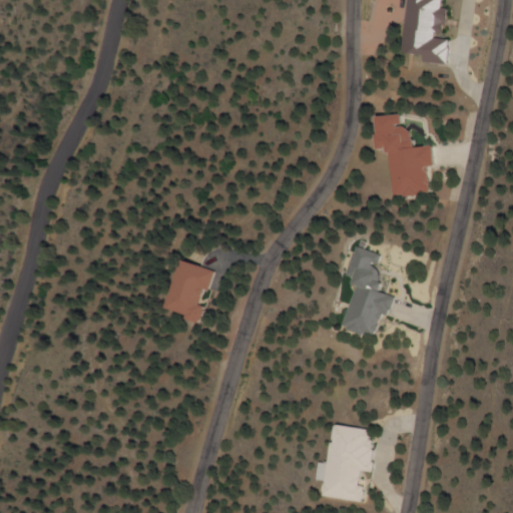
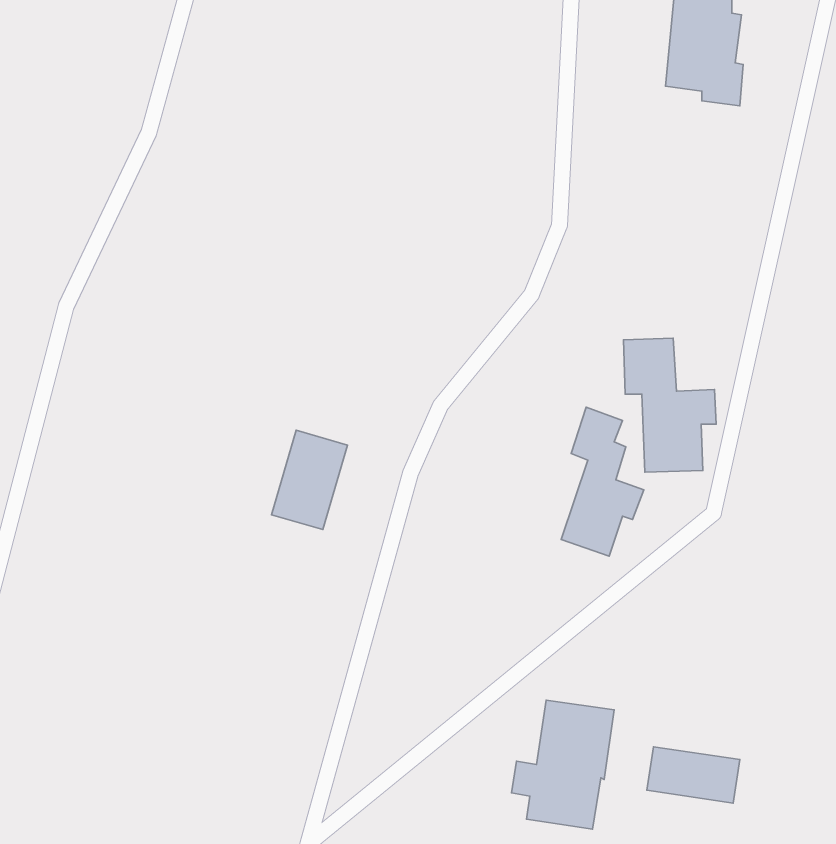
building: [379,114,435,195] -> [623,338,716,472]
building: none -> [647,747,740,803]

